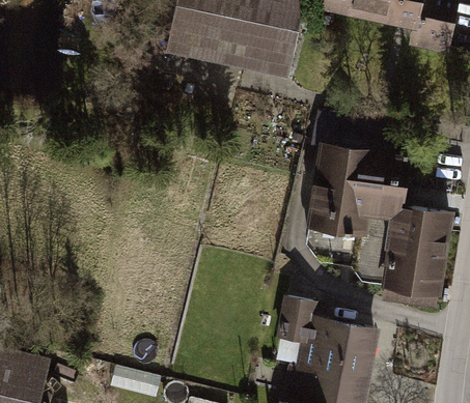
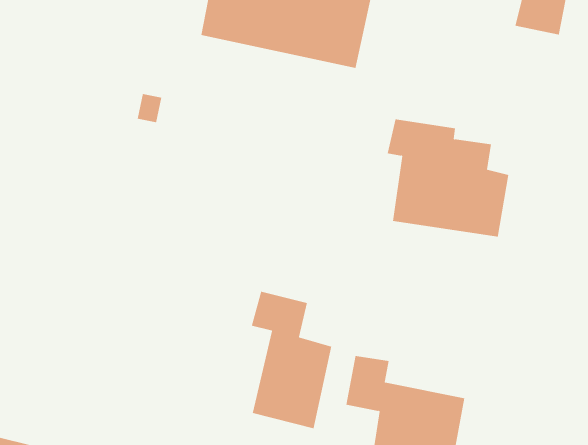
building: [308,195,448,307] -> none
building: none -> [251,291,332,429]

